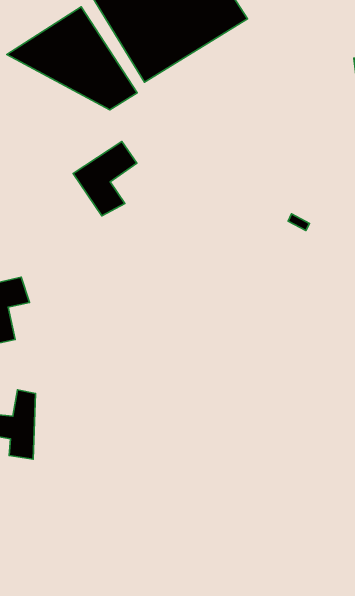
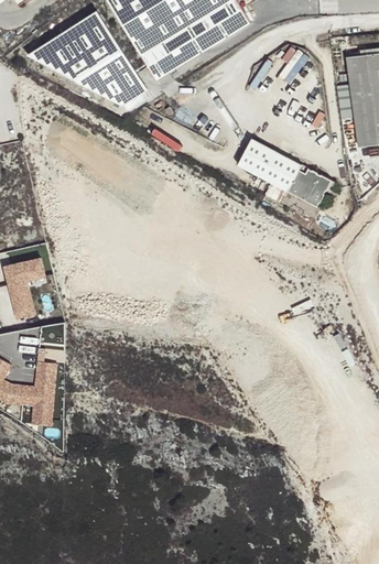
building: [73,142,137,216] -> none
building: none -> [237,139,331,206]

